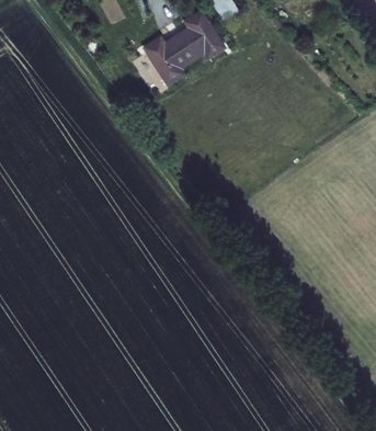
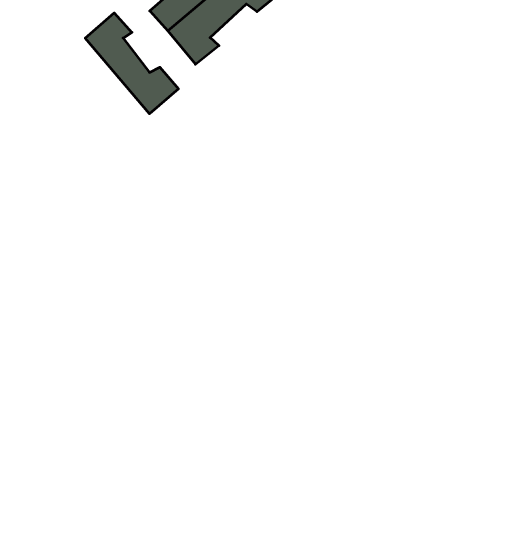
building: none -> [85,13,178,114]

